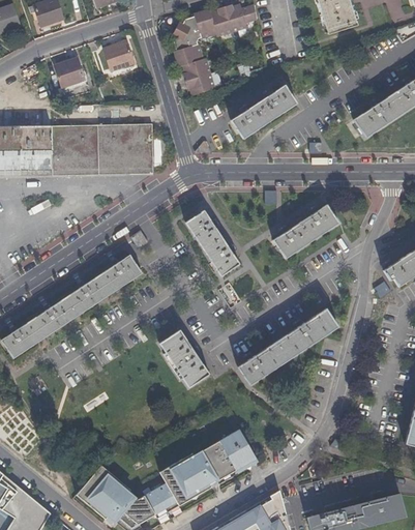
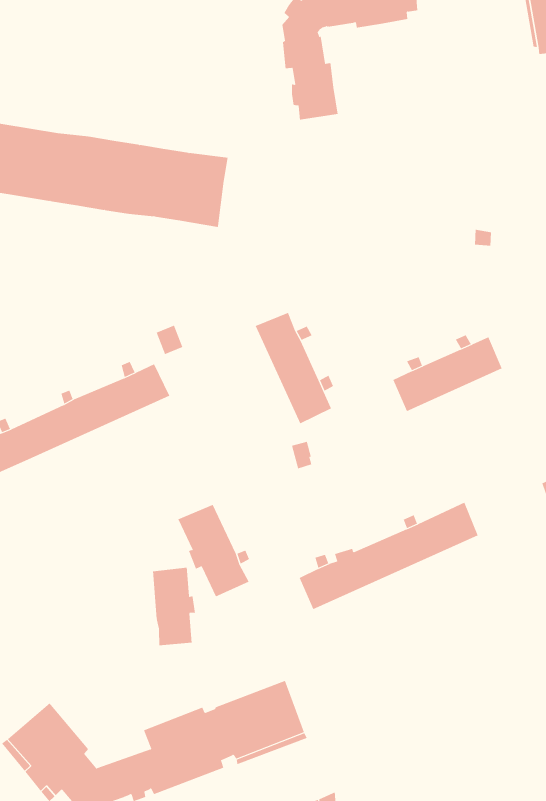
building: [105,41,136,71] -> none
building: [55,58,87,88] -> none
building: [233,86,297,138] -> none
building: none -> [153,567,195,646]

